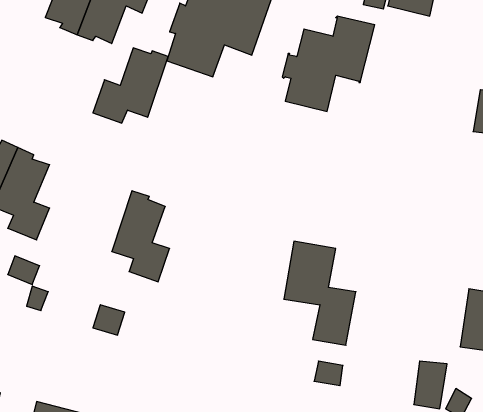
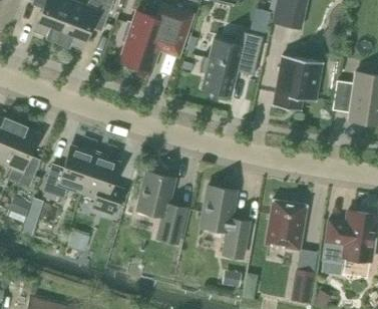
building: [93,48,168,123] -> [43,145,95,198]
building: none -> [274,54,322,110]
building: none -> [138,173,187,245]
building: none -> [265,200,308,251]

